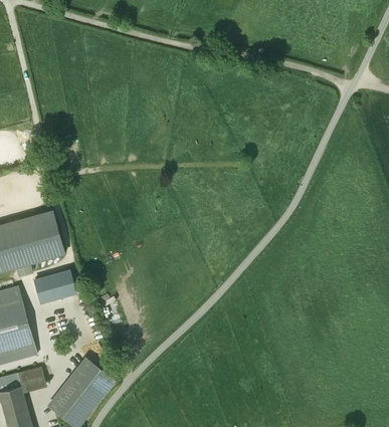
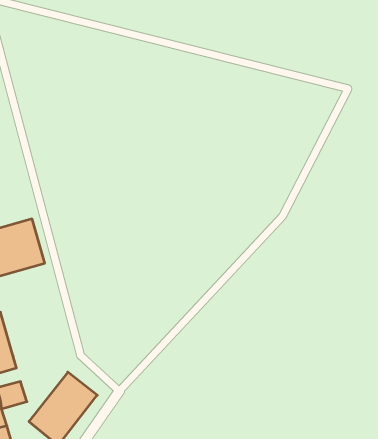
building: [34,270,75,303] -> none

